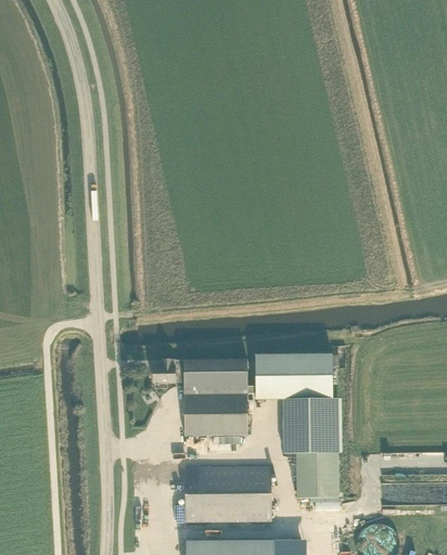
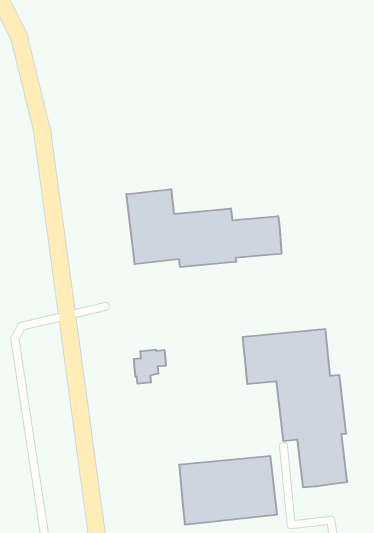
building: none -> [126,189,281,267]
building: [184,359,252,450] -> none

